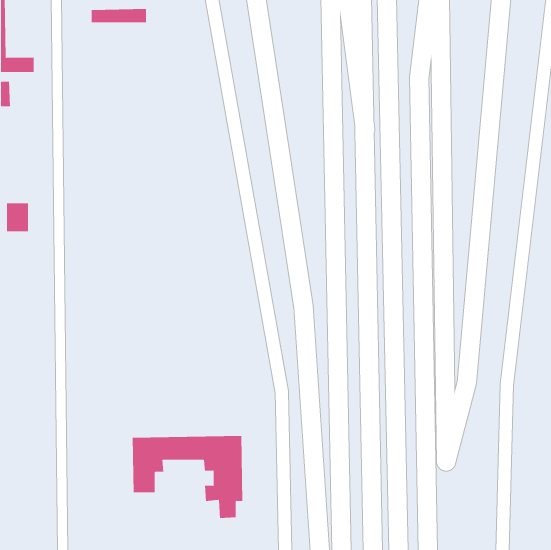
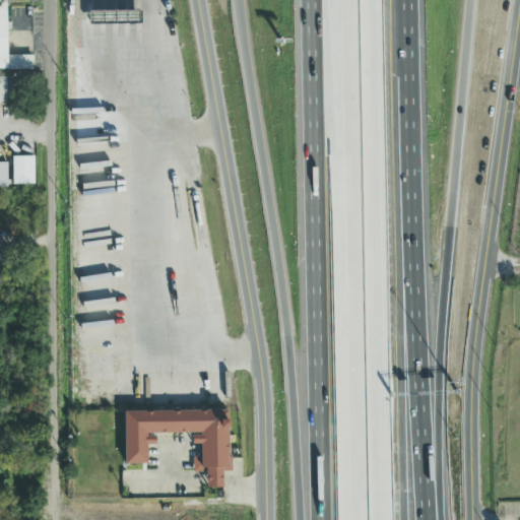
building: [6,203,29,232] -> [13,155,35,183]

